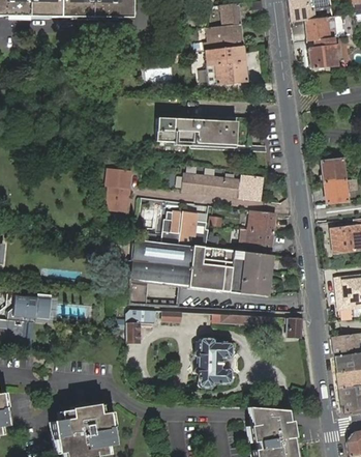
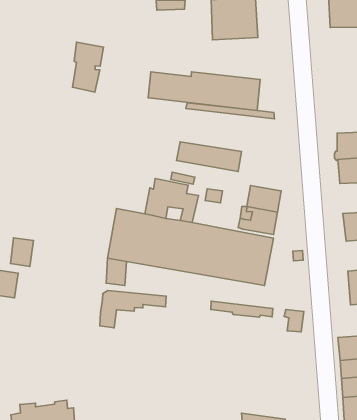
building: [107,167,131,209] -> [72,42,104,92]
building: [238,174,264,201] -> none
building: none -> [11,238,34,267]
building: [192,334,233,384] -> none

